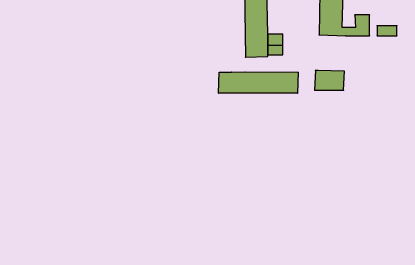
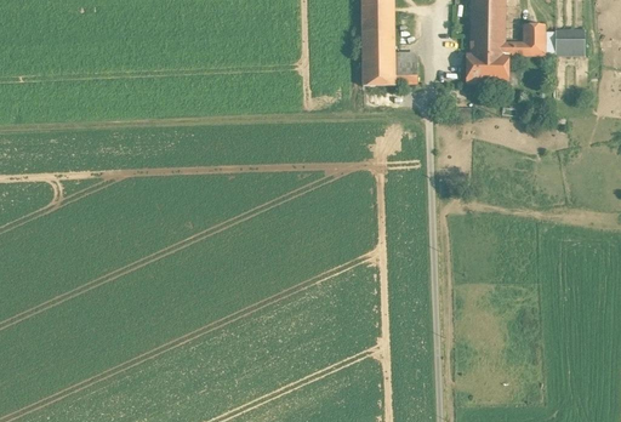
building: [315,70,344,90] -> [466,52,509,81]
building: [219,72,298,93] -> none

